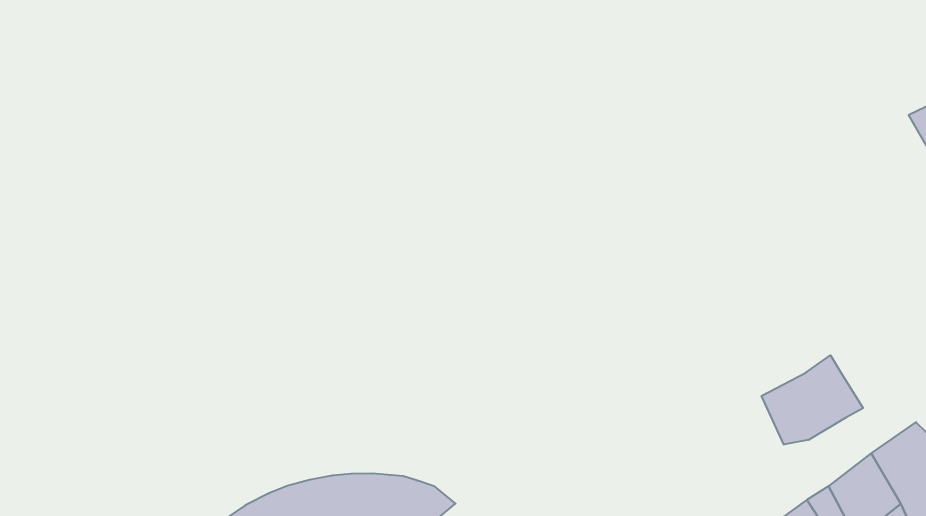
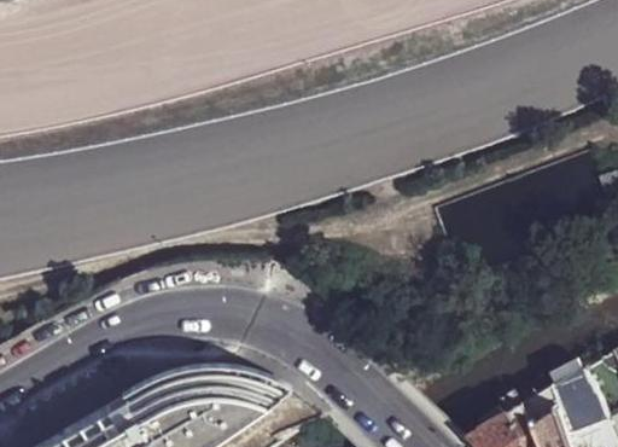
building: [762,355,863,445] -> none

